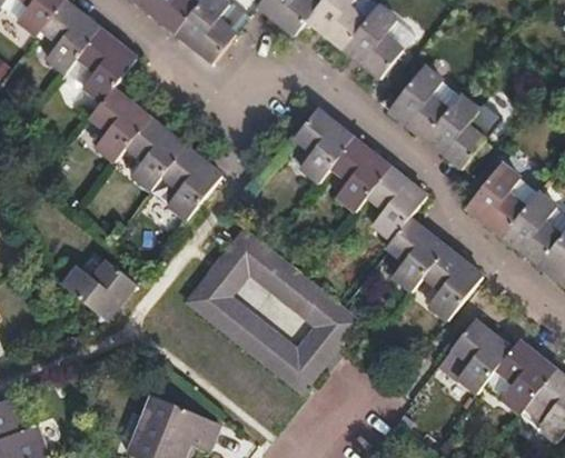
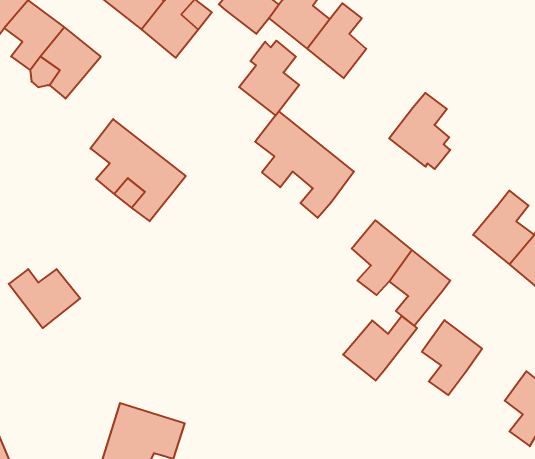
building: [385,64,444,138] -> [239,41,299,116]
building: [92,91,150,163] -> none
building: [467,160,526,232] -> none
building: [364,170,422,243] -> none
building: [184,222,356,386] -> none
building: none -> [343,316,417,381]
building: [496,338,555,410] -> none

